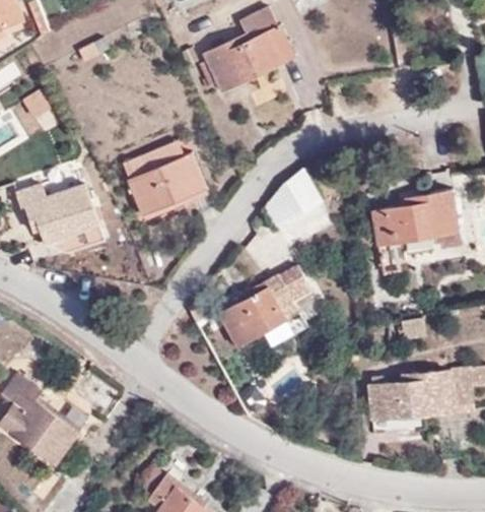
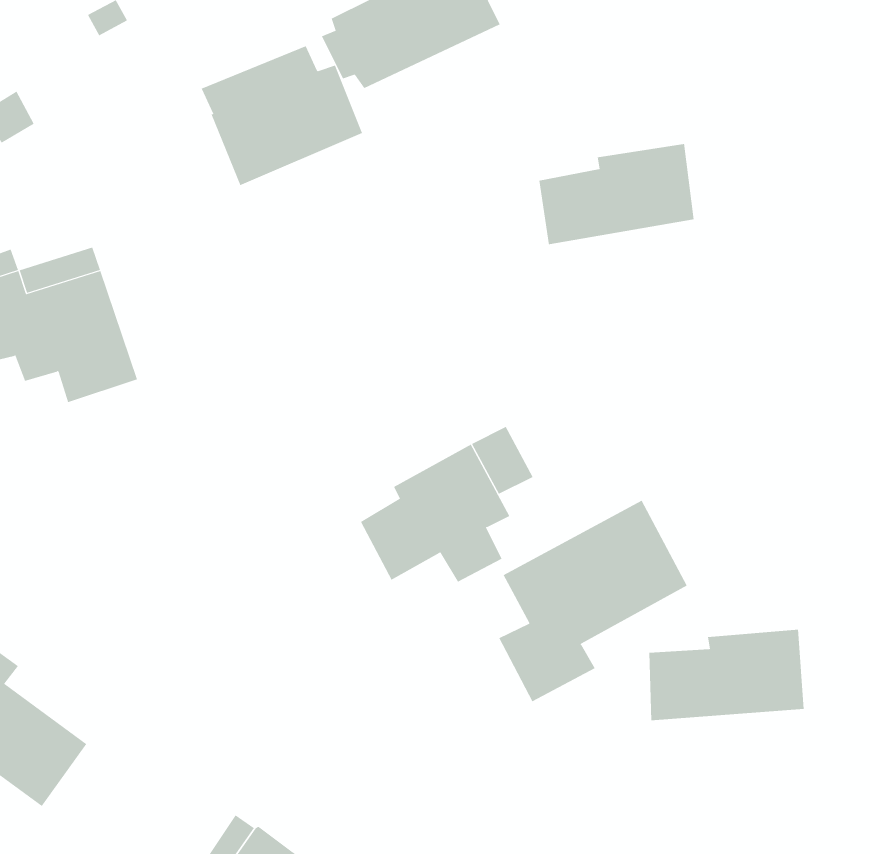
building: [125,142,209,215] -> [201,45,363,186]
building: [372,192,454,245] -> [538,143,694,245]
building: none -> [499,500,688,702]
building: [447,371,470,413] -> none

